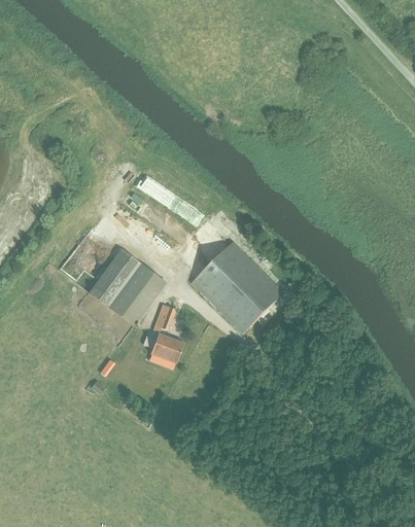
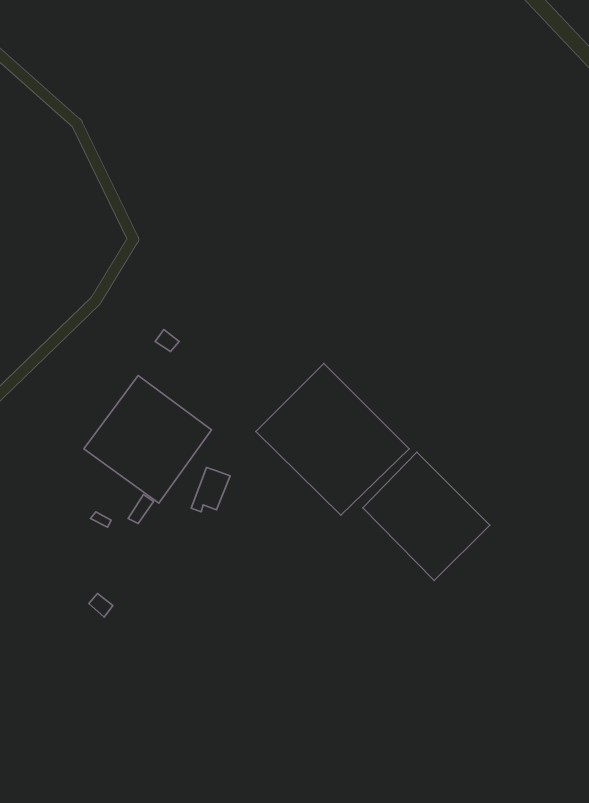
building: none -> [363,452,490,581]
building: [150,332,183,362] -> none

